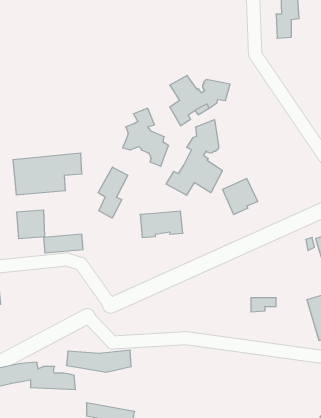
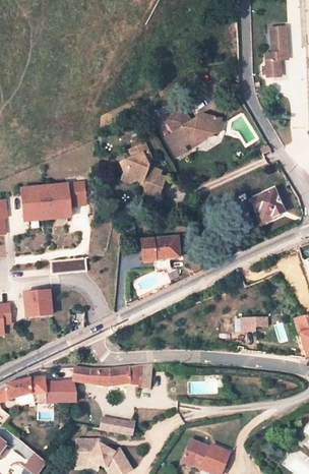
building: [166,120,222,195] -> none
building: [98,167,128,218] -> none
building: [223,178,258,215] -> [250,189,283,223]
building: [16,210,45,239] -> [23,290,50,316]
building: none -> [130,362,159,389]

